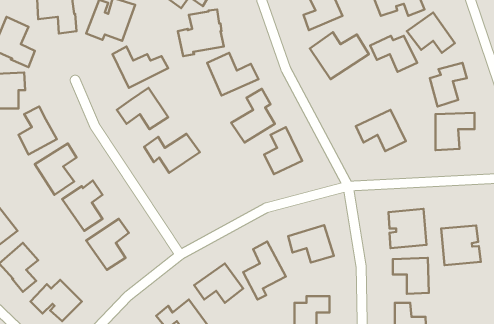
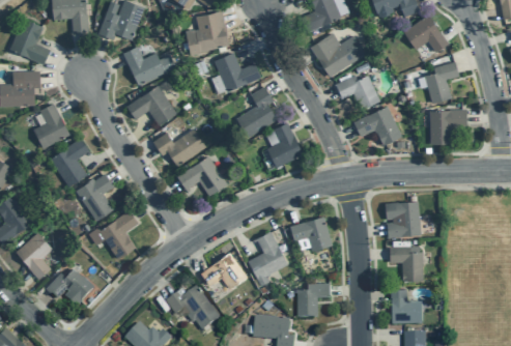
building: [370,36,417,72] -> [336,75,380,109]
building: none -> [177,155,227,196]
building: [441,225,481,265] -> none

